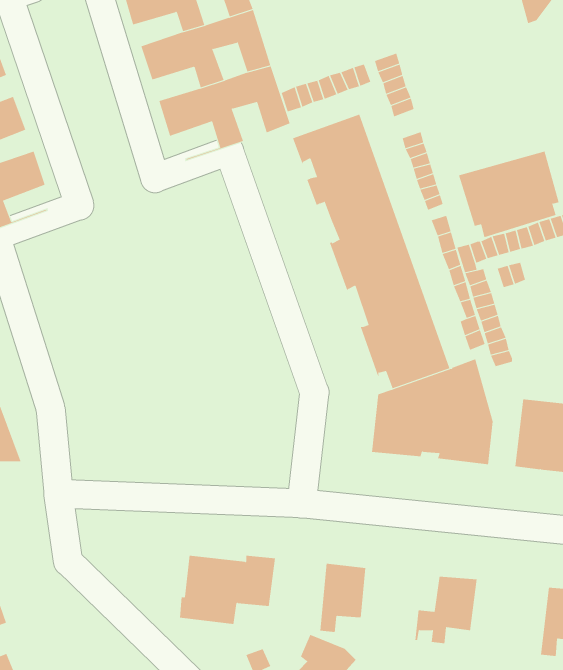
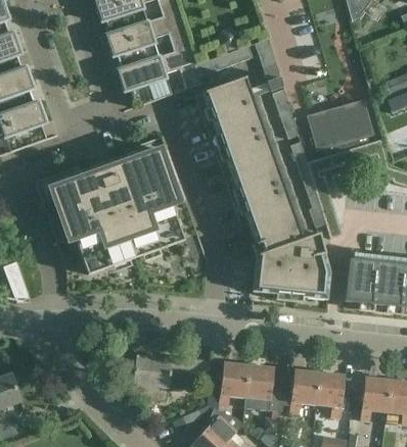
building: none -> [49,148,185,274]
building: none -> [244,364,282,410]
building: none -> [316,371,345,417]

